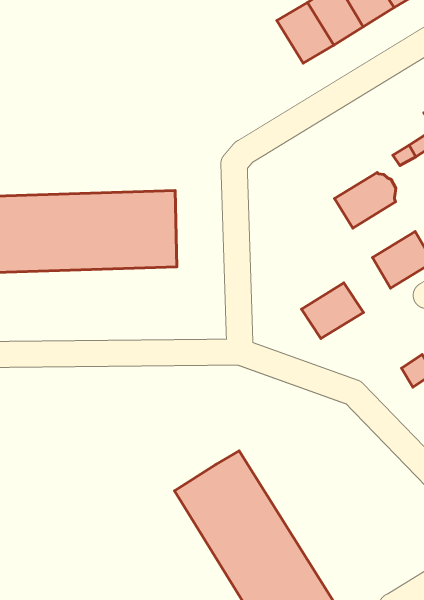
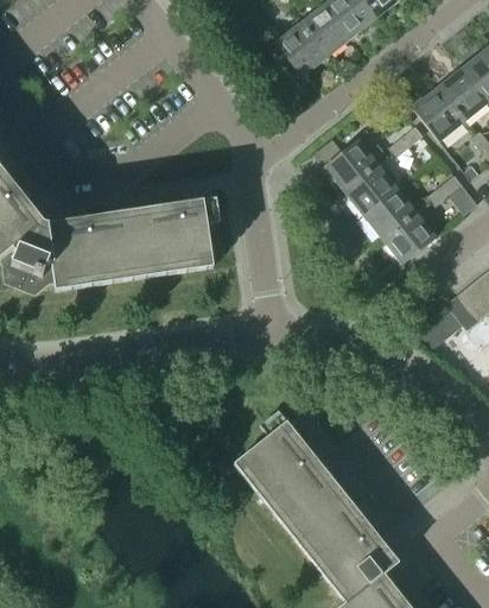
building: none -> [324,128,389,190]
building: [301,283,364,339] -> [362,186,417,238]

